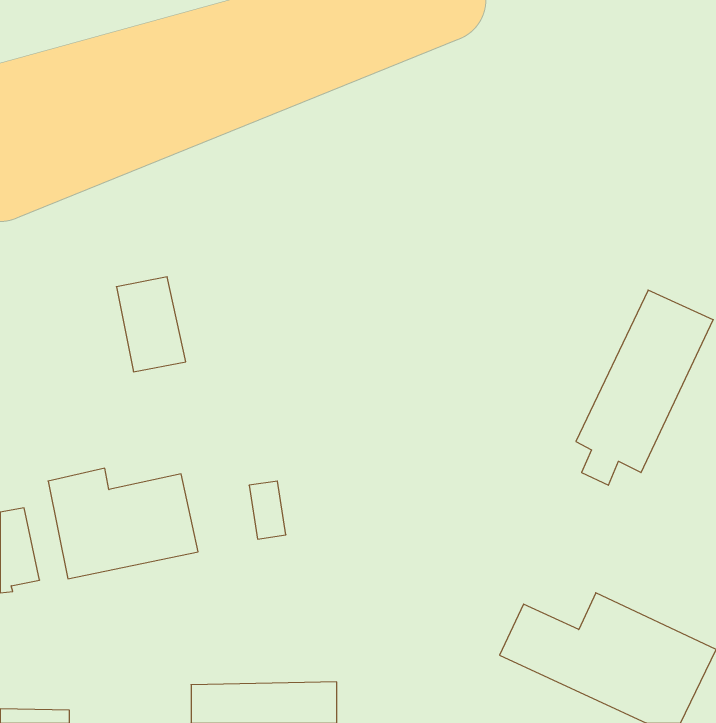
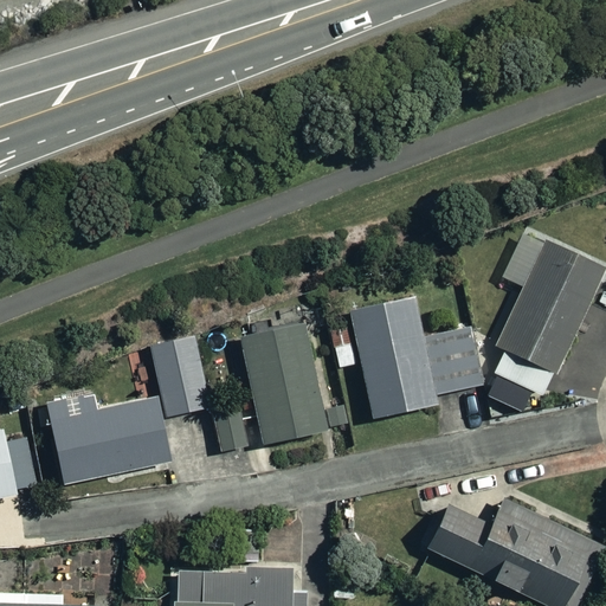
building: [116,277,186,372] -> [154,336,212,415]
building: none -> [329,297,484,418]
building: none -> [239,324,324,444]

